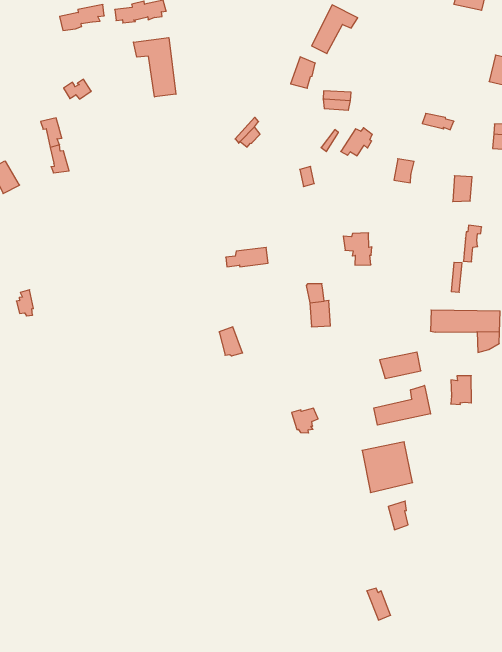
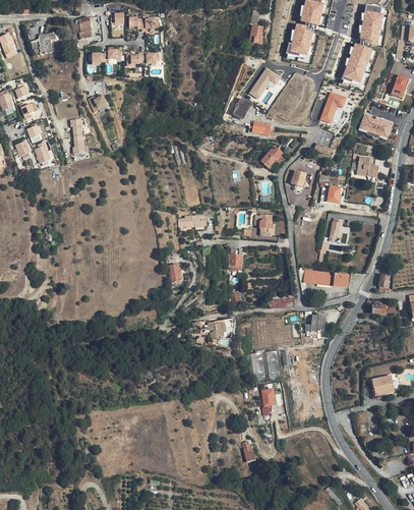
building: none -> [320,91,346,122]
building: [133,38,176,97] -> none
building: [374,385,431,425] -> none

